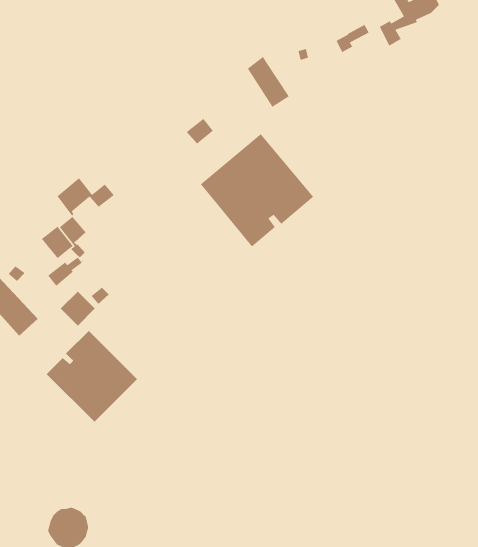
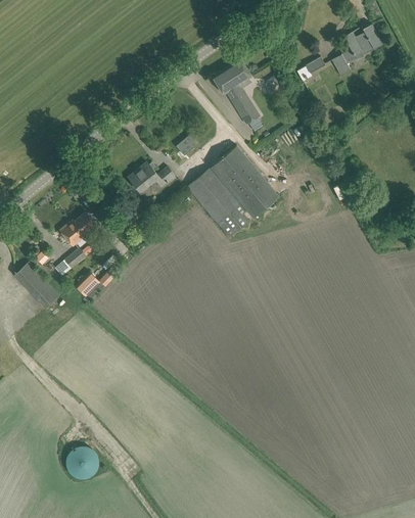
building: none -> [213,58,251,94]
building: [56,177,115,217] -> [129,161,176,193]
building: [46,330,138,422] -> none

